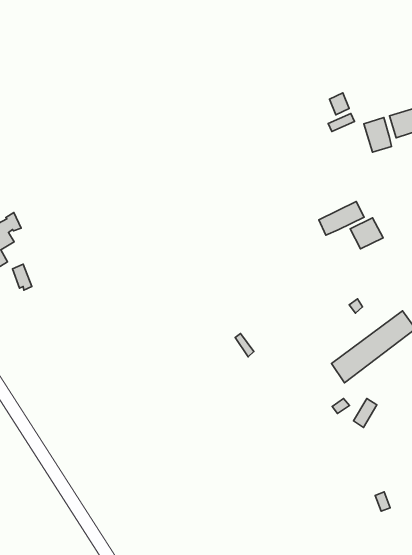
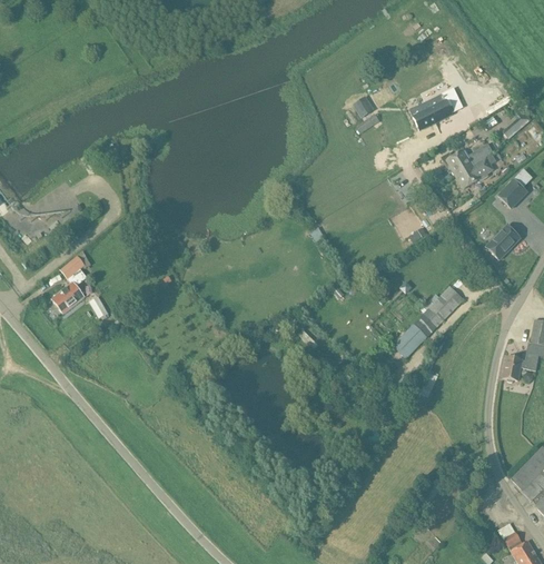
building: [364,117,392,152] -> none
building: [319,201,364,235] -> none

